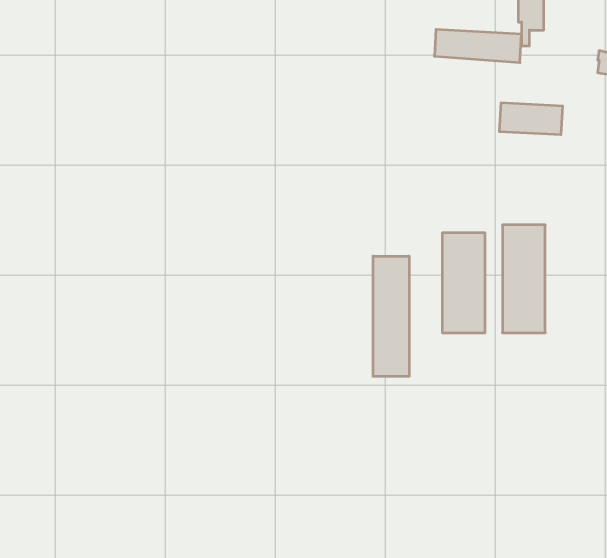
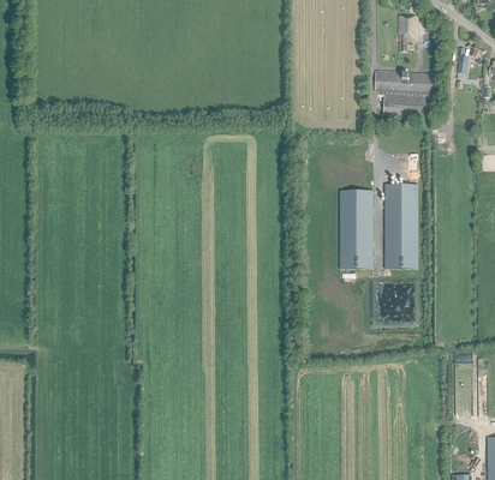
building: [434,29,522,63] -> [372,68,439,94]
building: [373,256,409,376] -> none

